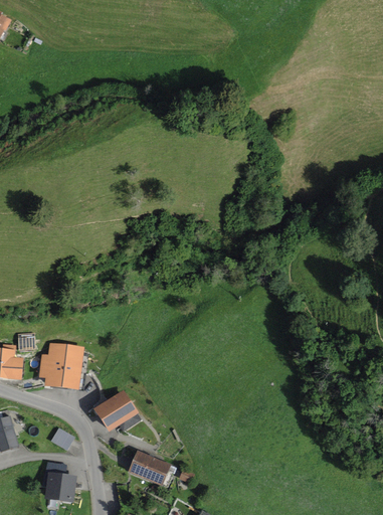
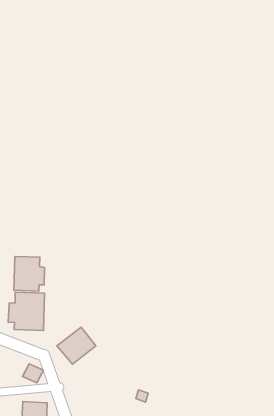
building: none -> [14,256,44,291]
building: [128,449,171,485] -> none

